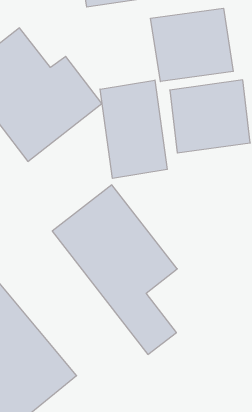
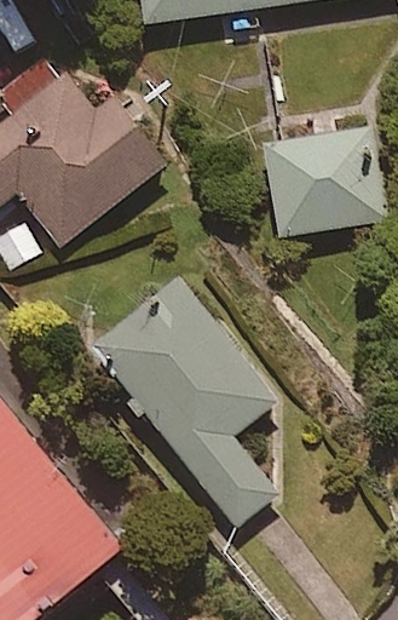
building: [151,8,233,82] -> none
building: [100,80,167,178] -> none

